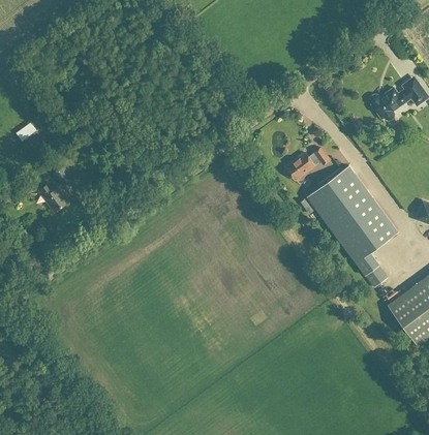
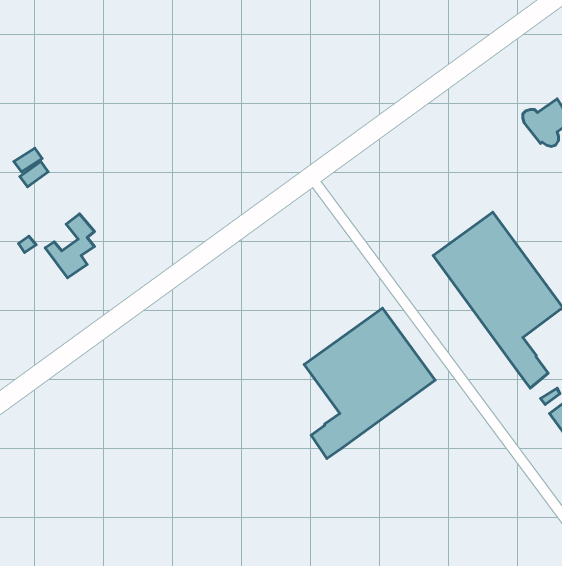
building: [285,147,331,180] -> none
building: none -> [304,308,435,458]

